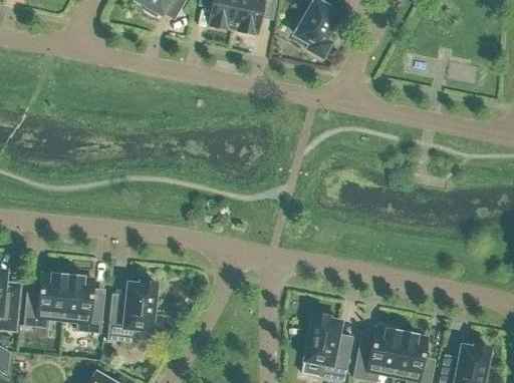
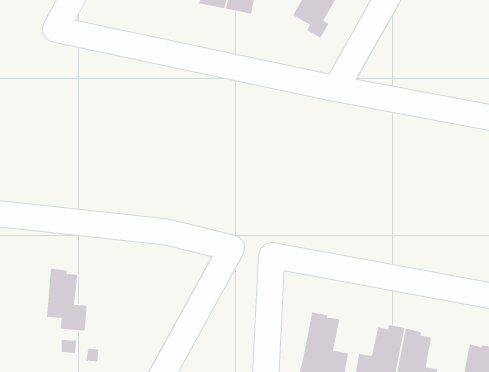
building: [24,270,67,326] -> none
building: [107,281,156,340] -> none

